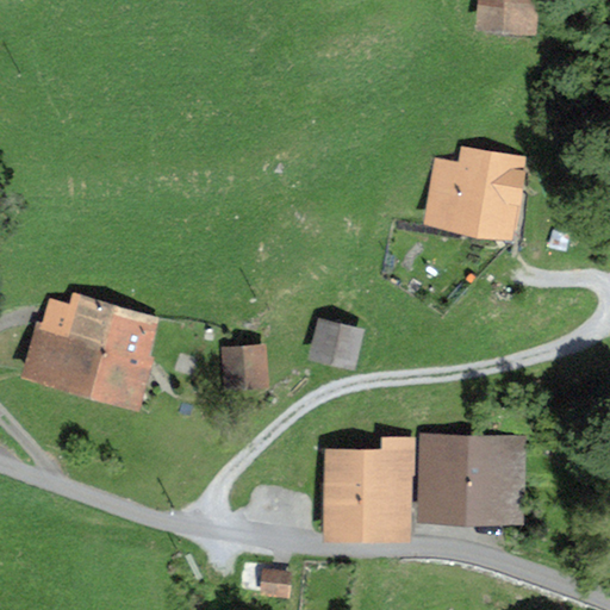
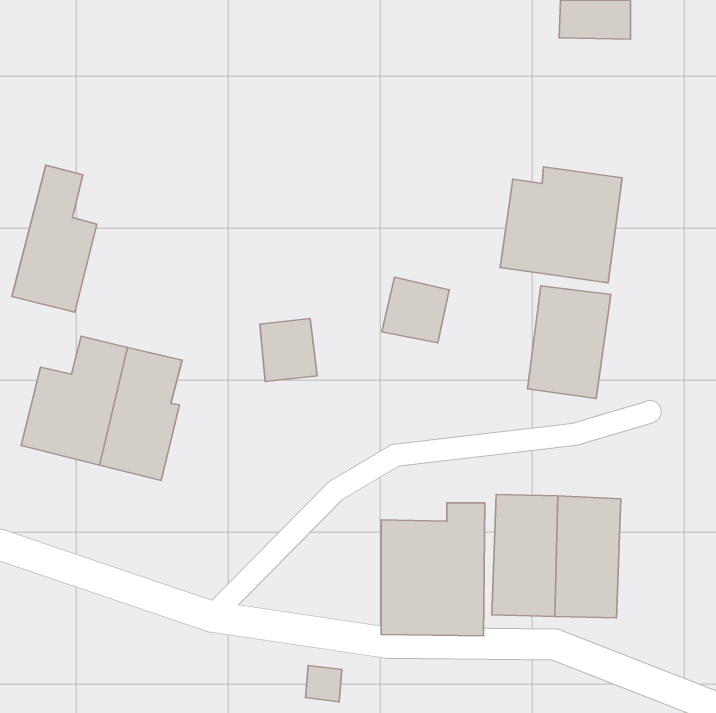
building: none -> [12,165,97,312]
building: none -> [528,286,611,399]
building: [306,316,363,372] -> [382,277,449,343]
building: [224,342,273,396] -> [260,319,317,382]

